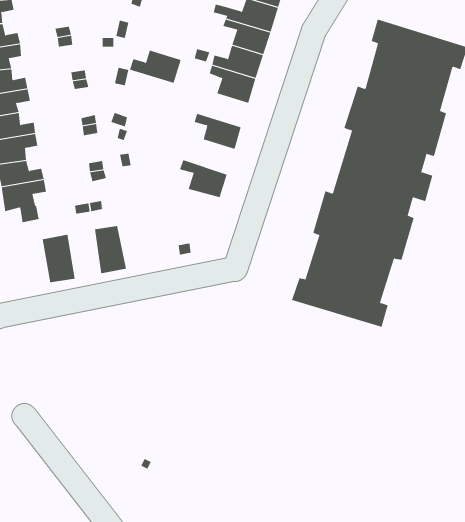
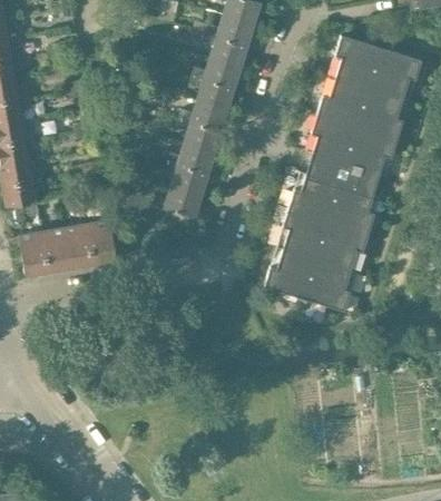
building: [129,50,182,83] -> [179,102,226,132]
building: none -> [167,144,214,175]
building: none -> [154,188,200,217]
building: none -> [65,224,94,268]
building: none -> [18,233,48,276]

